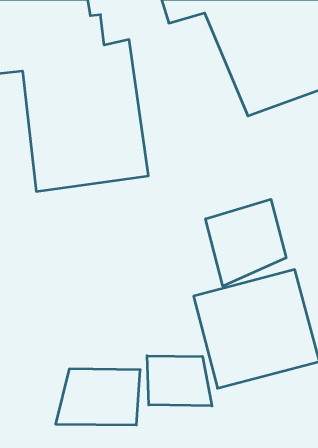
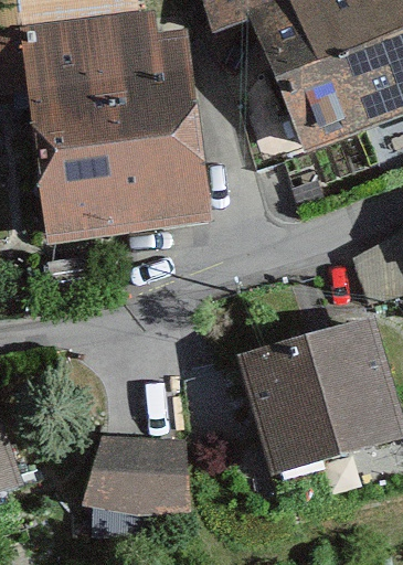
building: [206,199,286,286] -> none
building: [147,356,212,406] -> none

